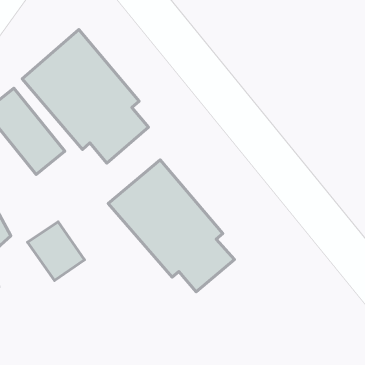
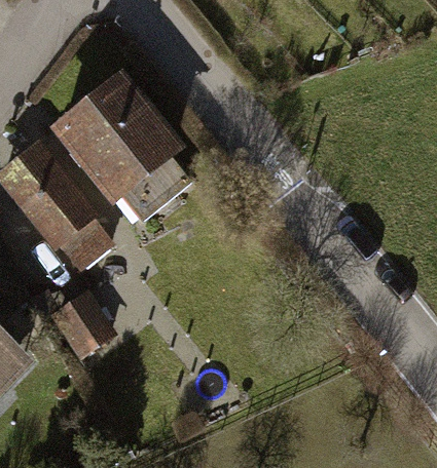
building: [108,160,234,292] -> none

